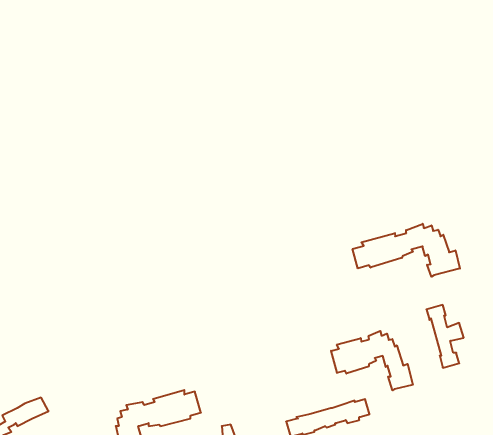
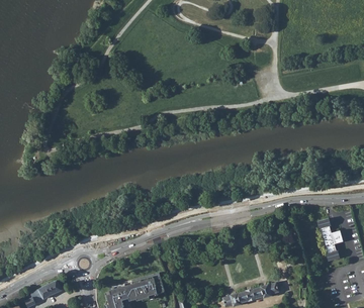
building: [353,224,460,277] -> none
building: [331,331,413,390] -> none

